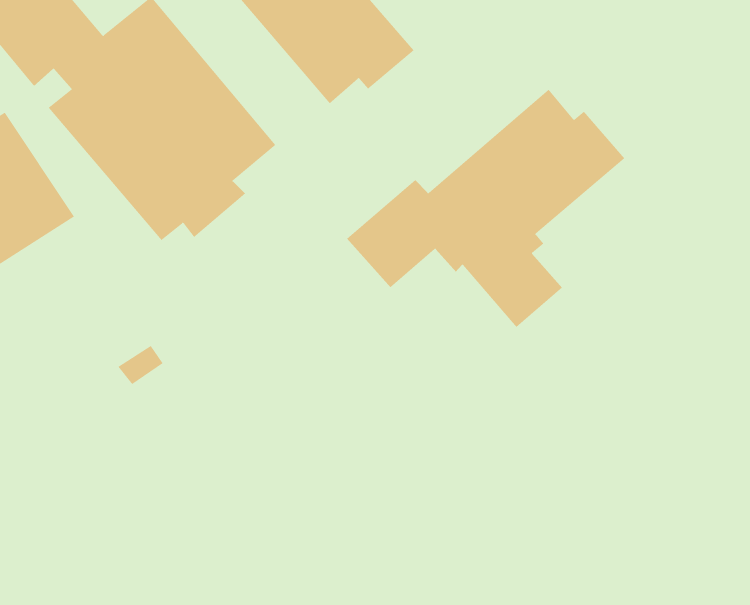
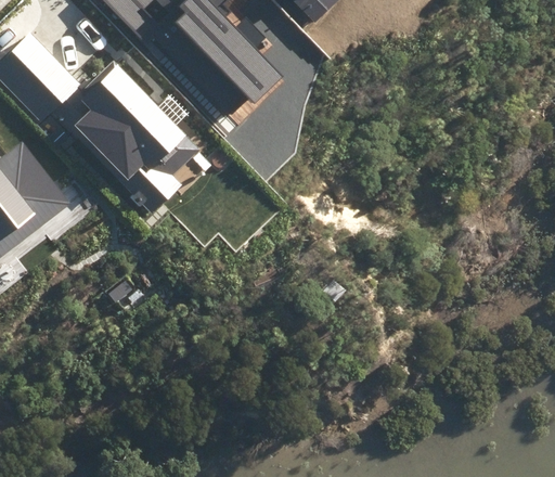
building: [346,89,625,328] -> none

